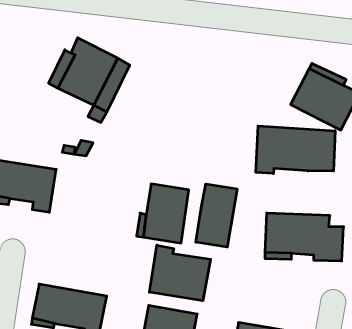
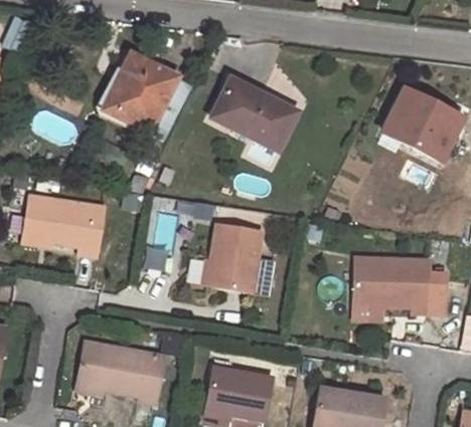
building: none -> [211,77,297,151]
building: [256,126,335,174] -> none
building: [196,184,237,247] -> none
building: [149,245,211,301] -> none

